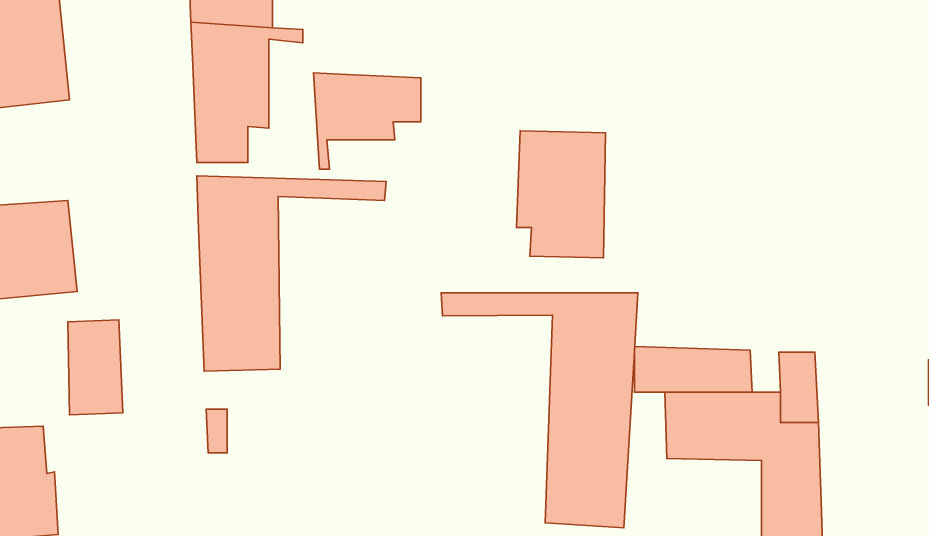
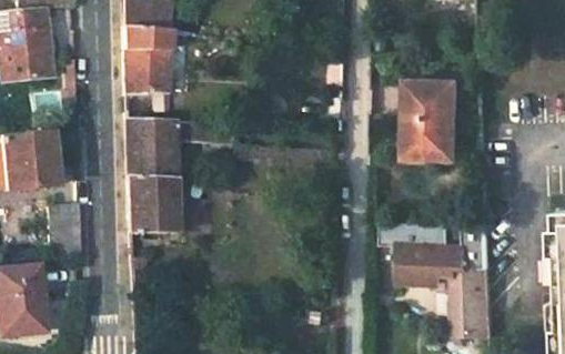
building: [314,73,421,169] -> none
building: [516,131,606,258] -> [408,81,461,155]
building: [441,293,638,528] -> none

